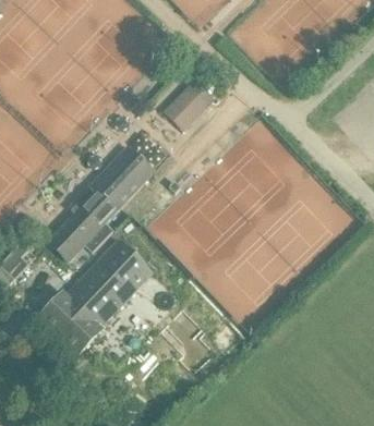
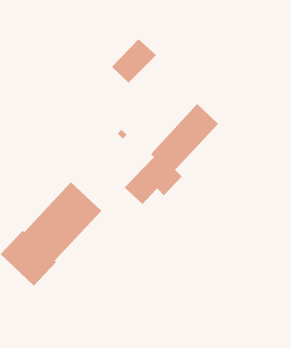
building: [47,149,153,263] -> [124,103,219,205]

